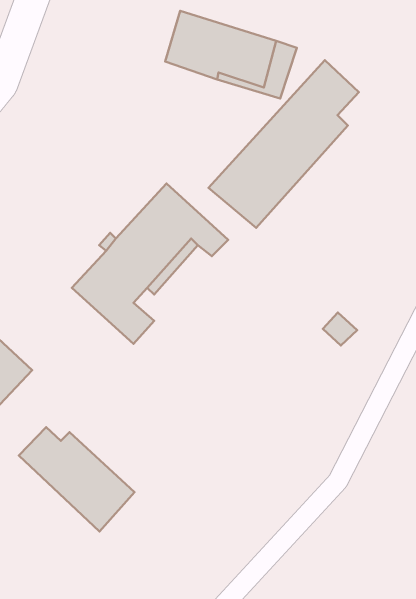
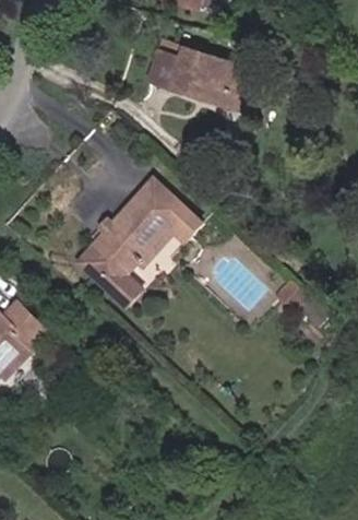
building: [209,60,359,228] -> none
building: [19,427,135,532] -> none

